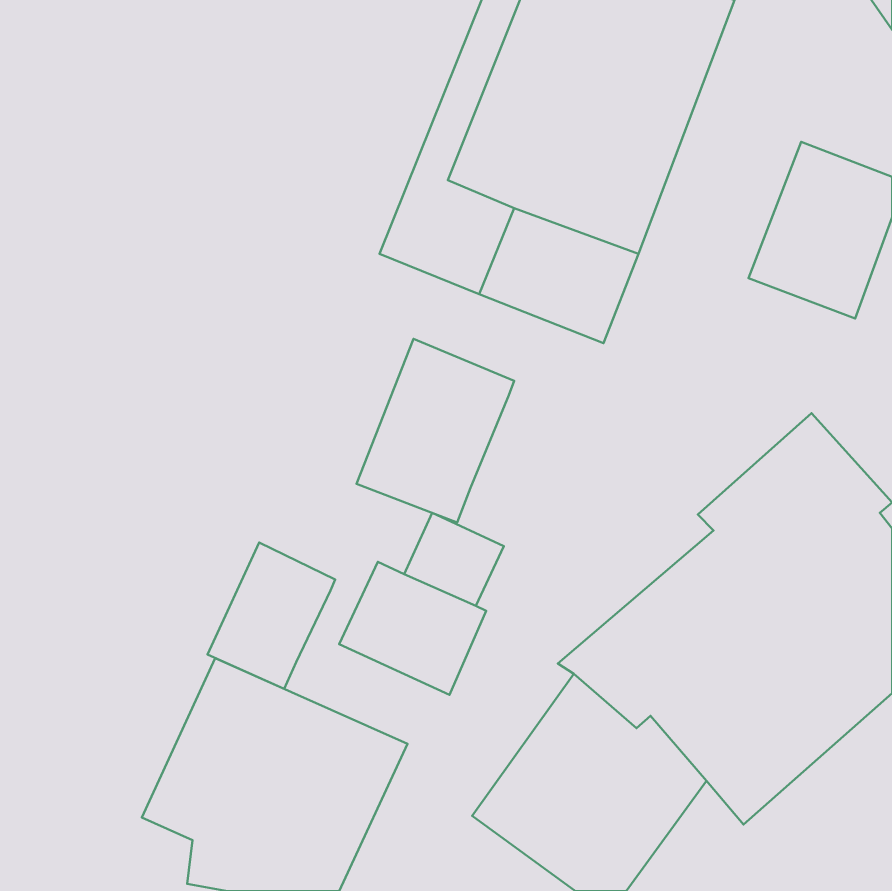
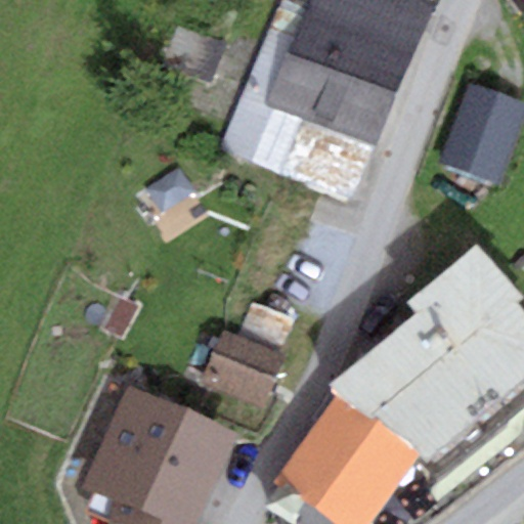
building: [356,339,514,523] -> none
building: [208,542,335,689] -> none

